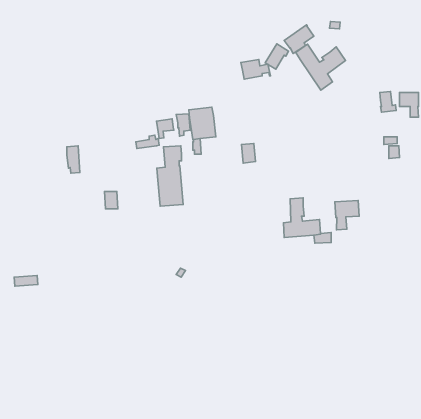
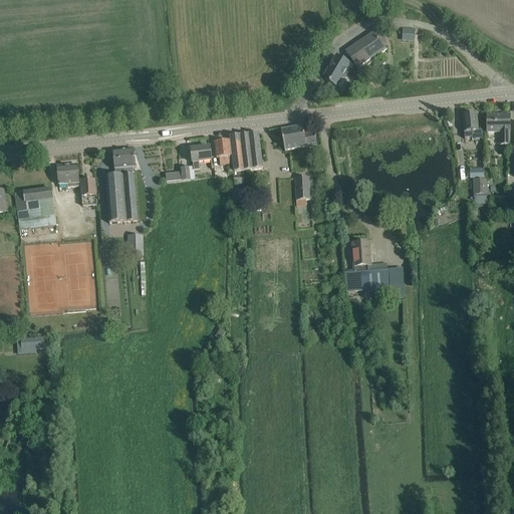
building: [296,44,345,90] -> none
building: [241,59,270,79] -> [281,124,317,149]
building: none -> [57,163,79,186]
building: [157,146,183,206] -> [105,148,138,221]
building: none -> [15,187,56,228]
building: [335,200,359,230] -> none

